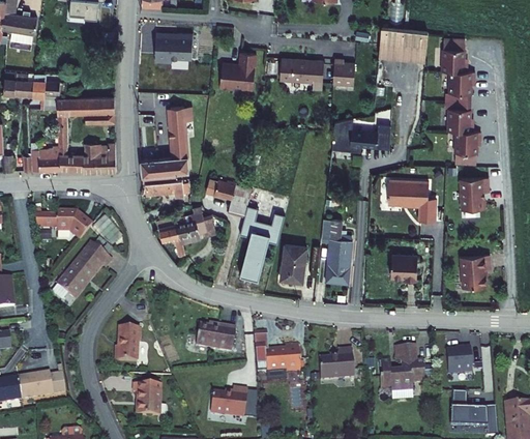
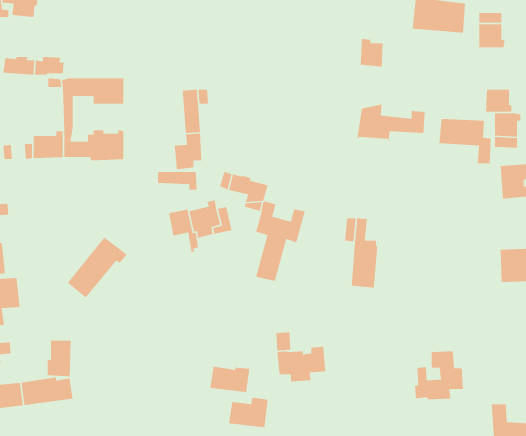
building: [154,34,193,64] -> none
building: [218,55,255,93] -> none
building: [278,62,323,93] -> none
building: [448,68,473,90] -> none
building: [139,157,164,181] -> none
building: [388,177,437,220] -> [439,118,492,164]
building: [40,211,96,239] -> none
building: [278,247,304,285] -> none
building: [391,254,417,279] -> none
building: [112,327,135,361] -> [47,340,72,377]
building: [198,327,235,352] -> [210,366,250,393]
building: [322,346,358,378] -> none
building: [443,346,471,375] -> none
building: [130,381,158,413] -> none

